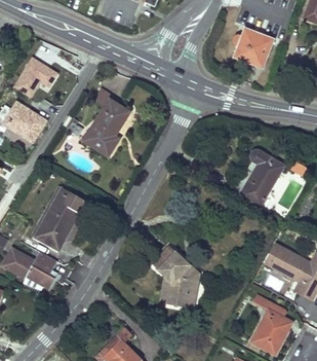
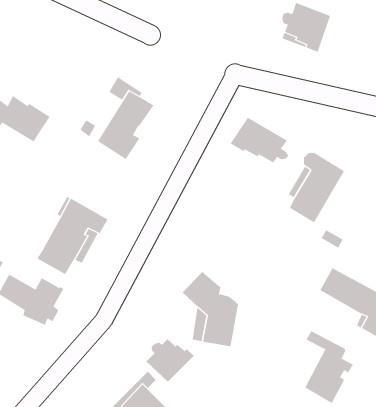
building: [13,57,60,99] -> none
building: none -> [230,117,289,163]
building: none -> [145,339,195,382]

